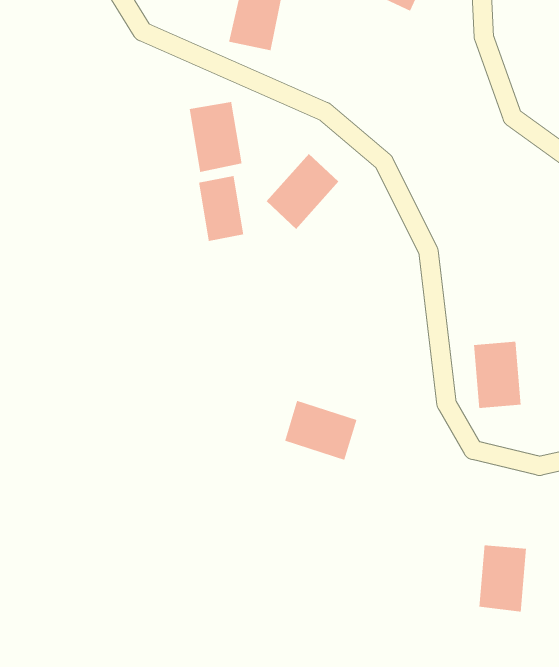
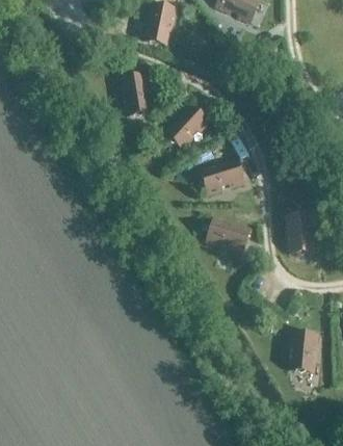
building: [198,175,244,242] -> none
building: none -> [202,157,244,192]
building: [284,400,357,461] -> [208,216,250,252]

